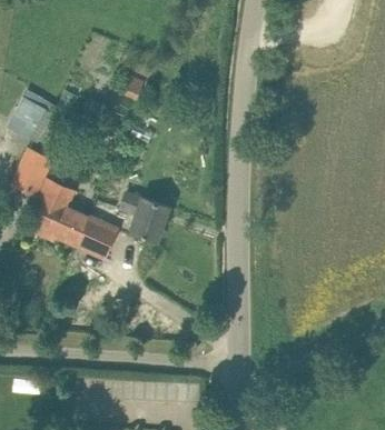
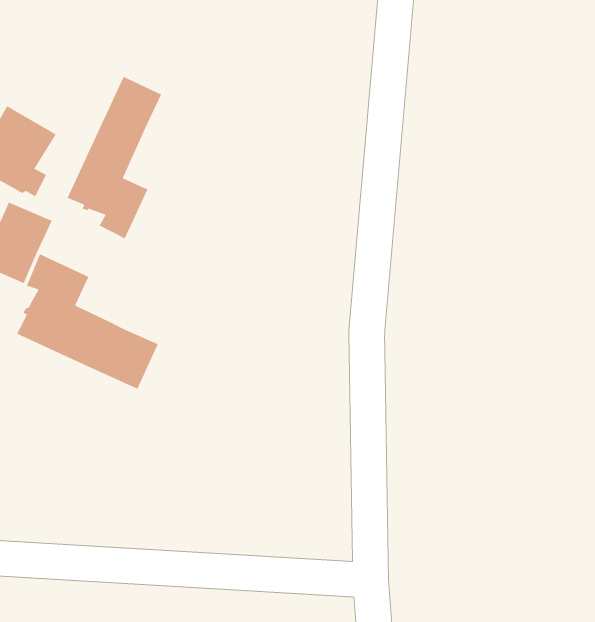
building: none -> [66,76,162,240]
building: [120,196,169,241] -> none

